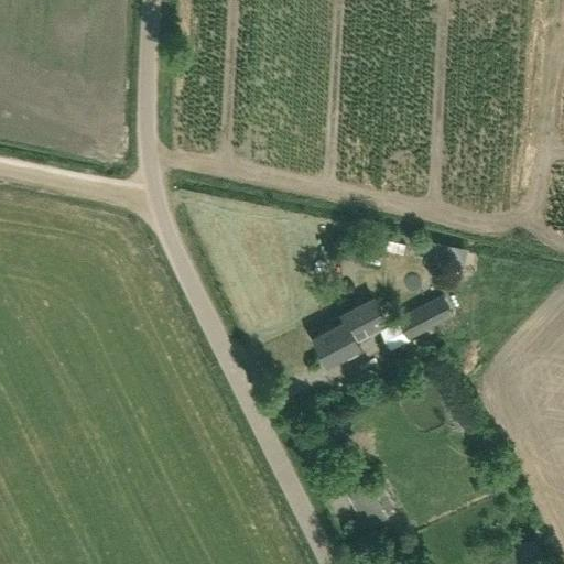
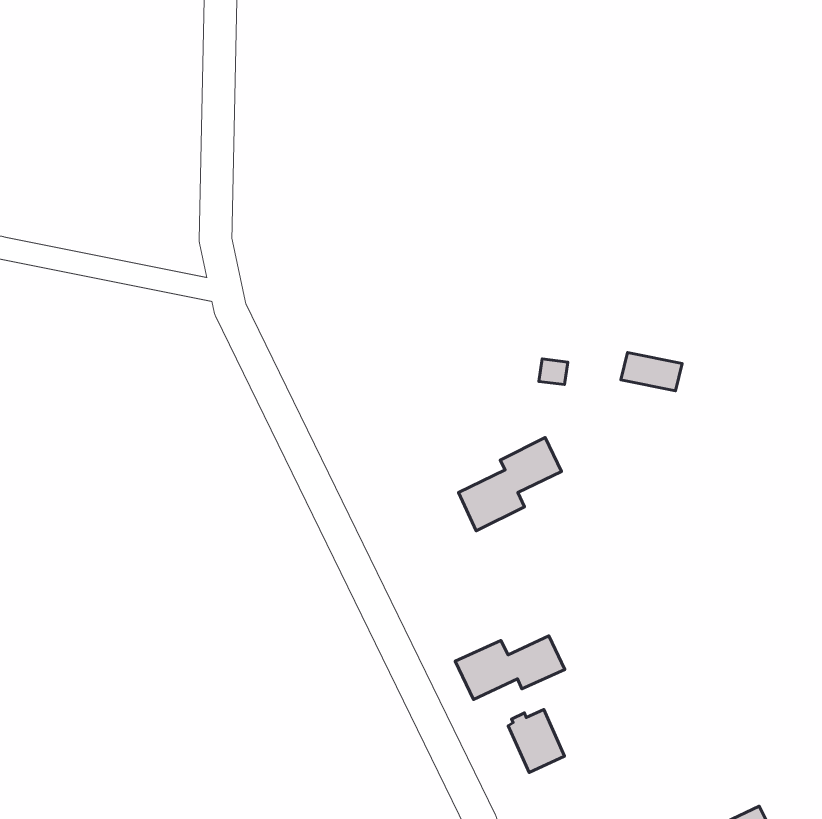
building: [399,302,452,340] -> none
building: none -> [455,636,565,699]

